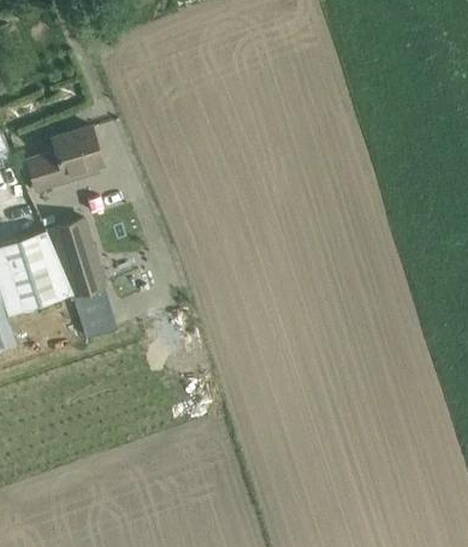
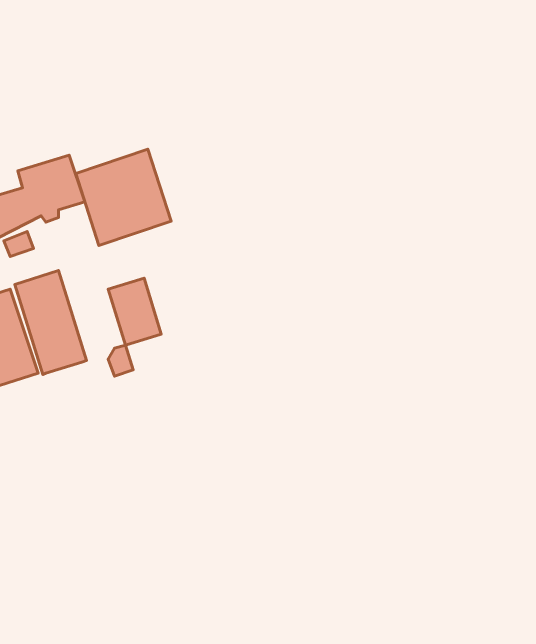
building: none -> [76,149,171,245]
building: [73,287,114,339] -> [108,278,161,345]

